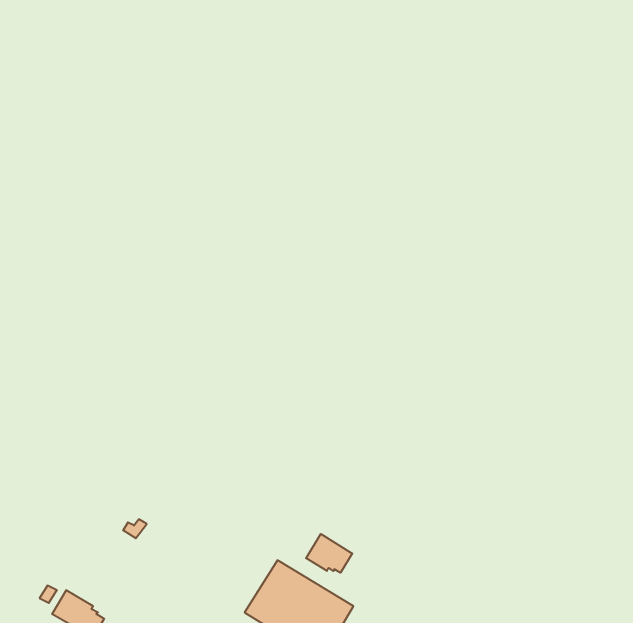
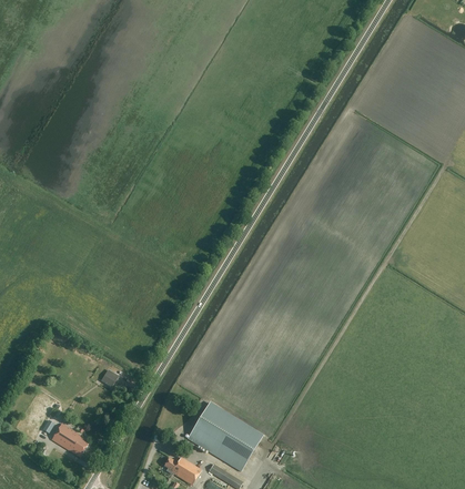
building: [306,534,352,573] -> none

